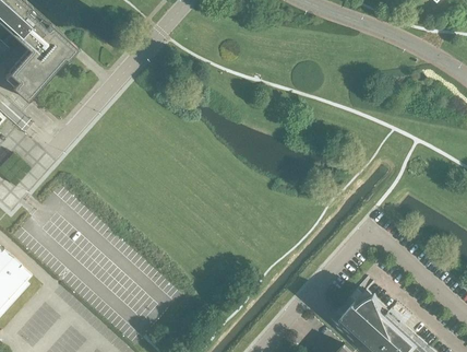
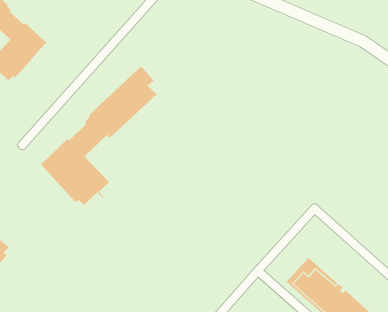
building: none -> [40,65,157,206]

